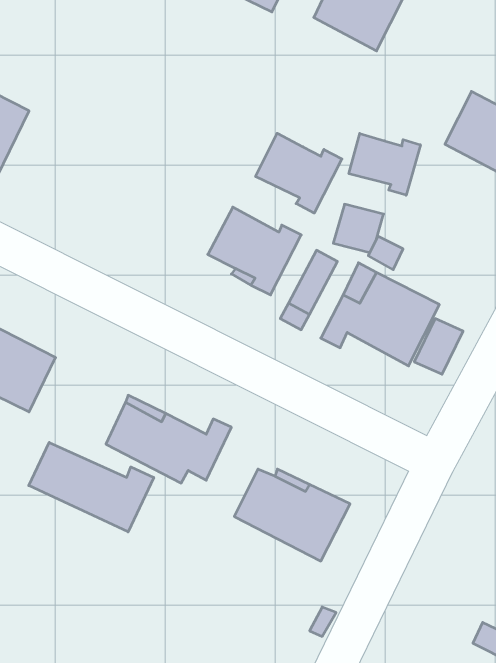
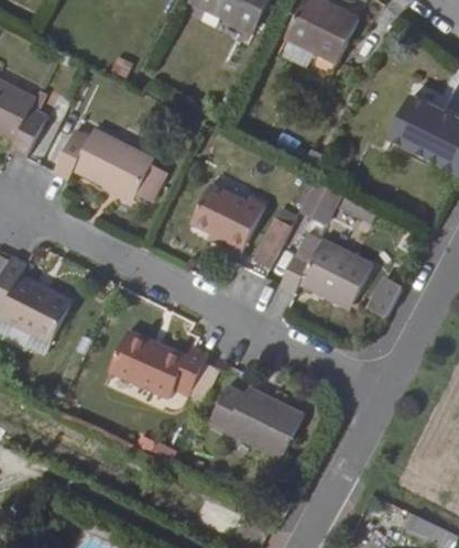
building: [256,133,342,213] -> none
building: [349,133,420,195] -> none
building: none -> [53,128,154,201]
building: [29,442,154,532] -> none

